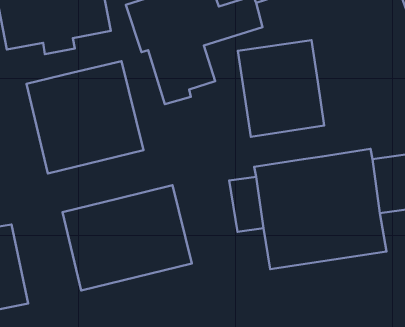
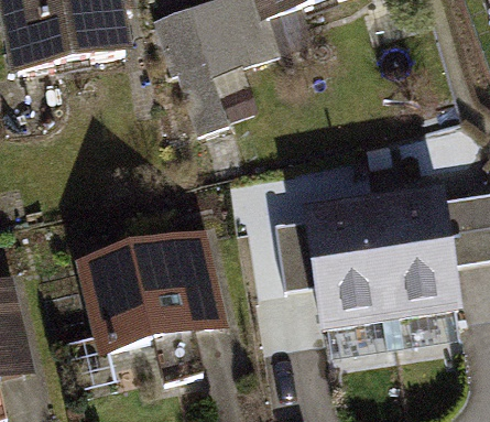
building: [238,40,324,137] -> none
building: [27,61,144,173] -> none

